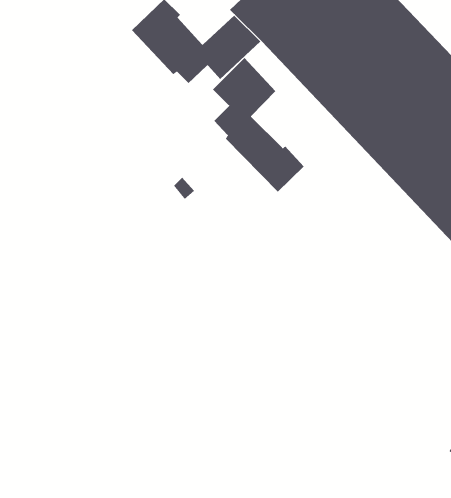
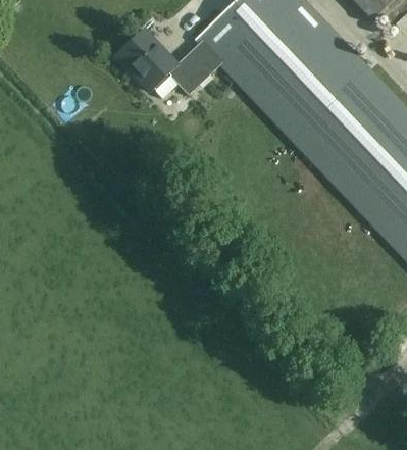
building: [212,57,305,193] -> none

